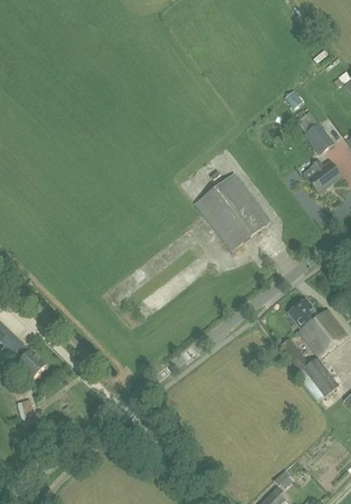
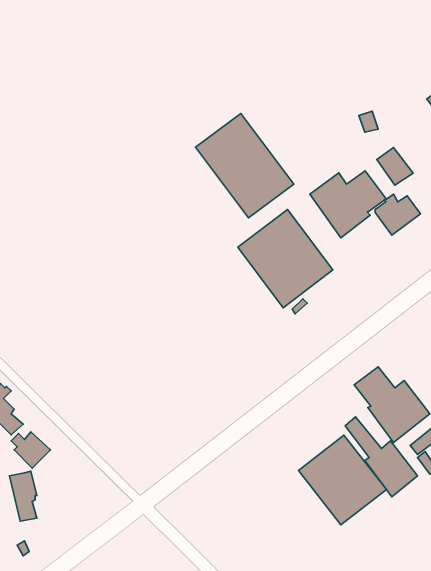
building: none -> [196,114,294,218]
building: none -> [310,171,386,238]
building: none -> [298,435,386,525]

